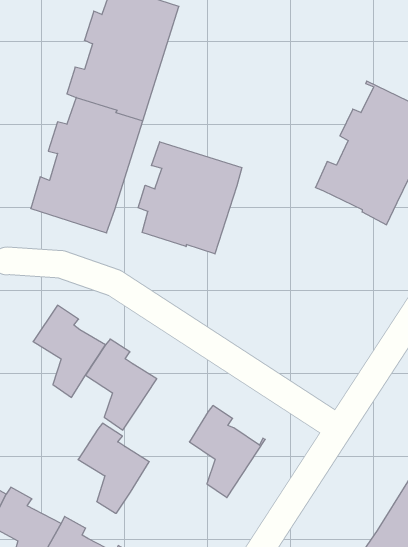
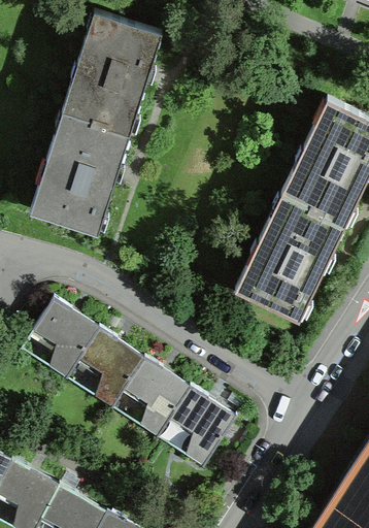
building: [138,142,242,254] -> none
building: none -> [235,195,344,319]
building: [78,423,149,513] -> [124,356,187,435]

